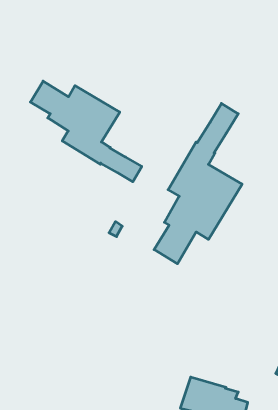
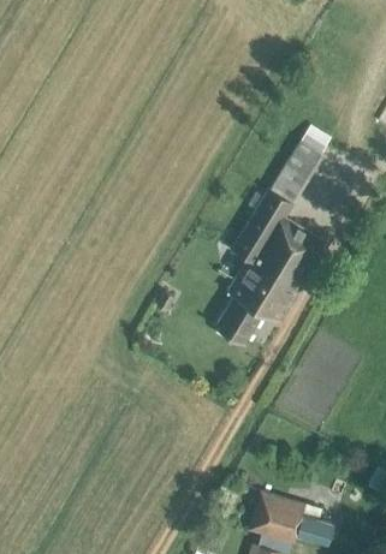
building: [30,81,142,182] -> none

